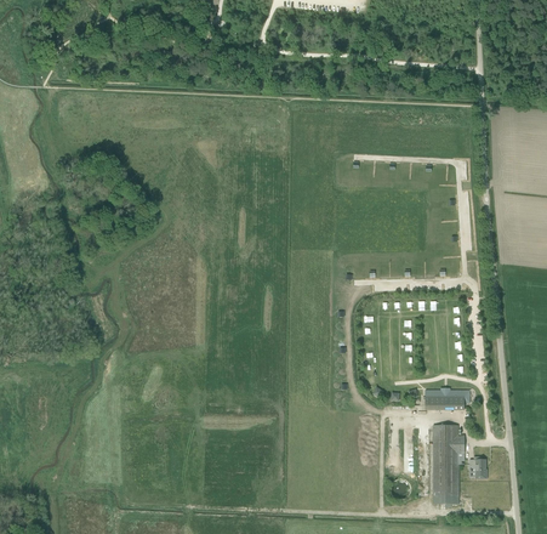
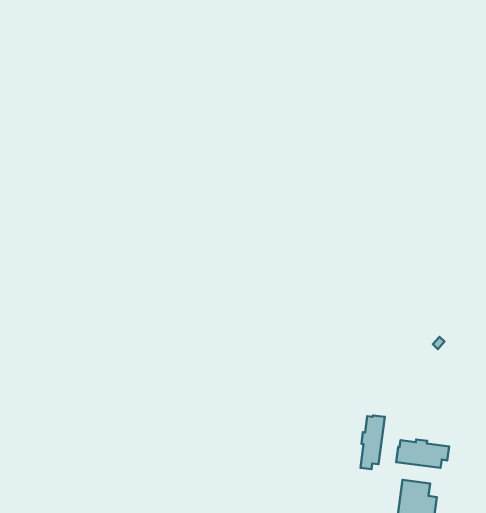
building: none -> [360,415,385,469]

